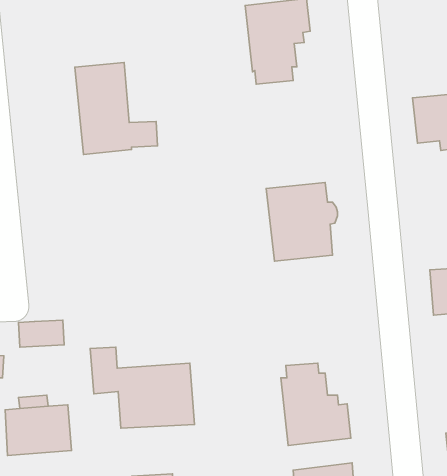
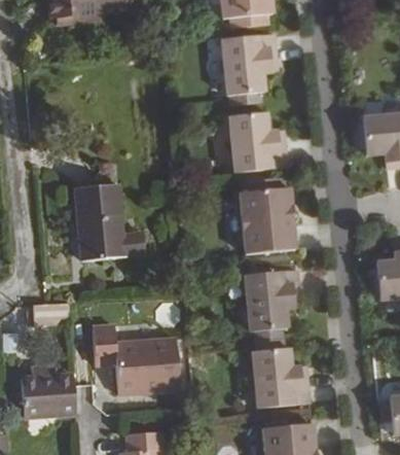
building: [75,62,157,155] -> [75,183,144,260]
building: none -> [228,111,287,172]
building: none -> [244,270,298,341]

